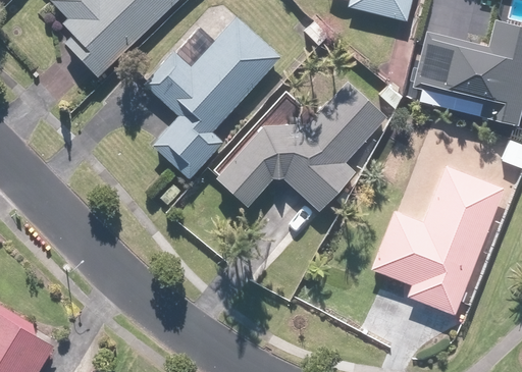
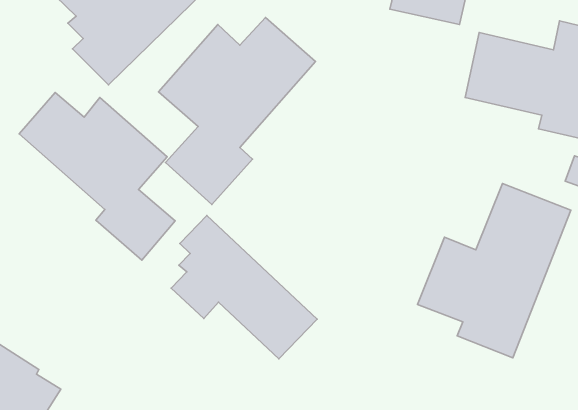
building: [219,79,388,210] -> none
building: none -> [19,93,175,260]
building: none -> [171,215,317,359]

